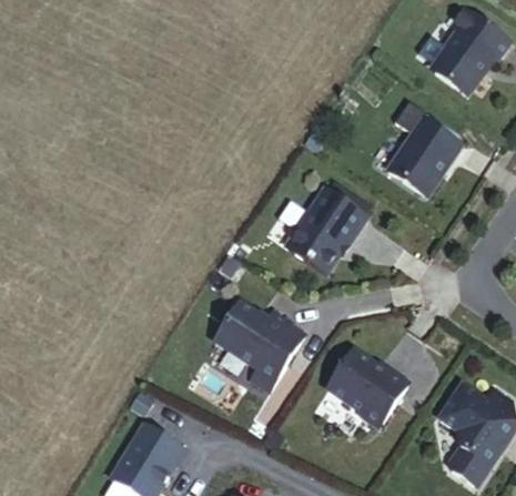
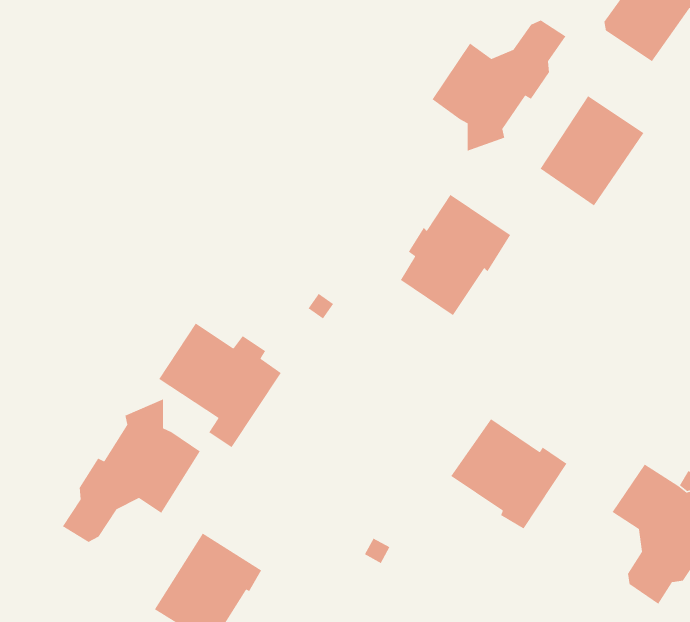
building: none -> [431,20,566,152]
building: [217,302,305,391] -> [158,323,282,448]
building: none -> [62,398,201,543]

